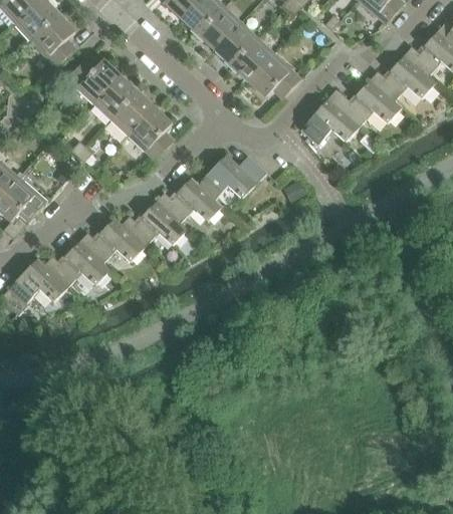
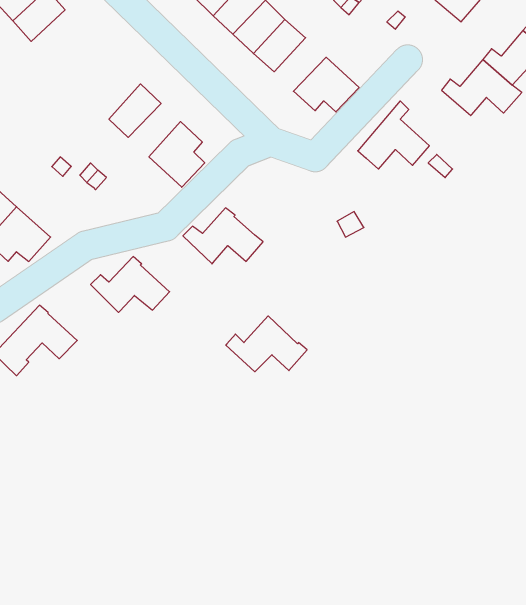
building: [30,14,75,68] -> none
building: [231,37,274,81] -> none
building: [67,58,121,104] -> none
building: [335,80,402,126] -> none
building: [110,91,154,136] -> none
building: [198,154,266,200] -> none
building: [121,201,188,247] -> [226,316,307,372]
building: [44,241,110,287] -> none

